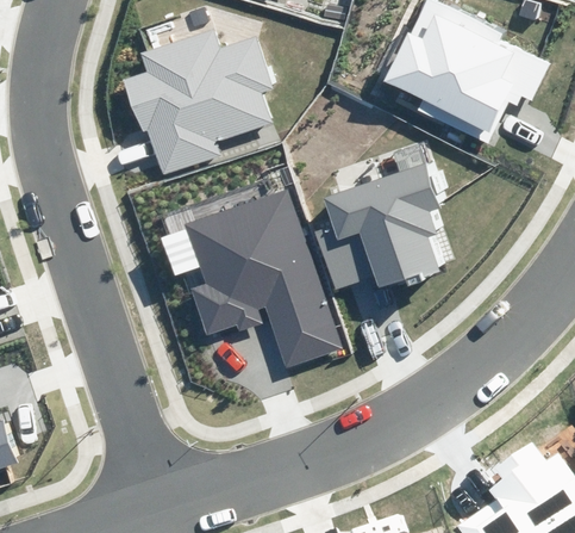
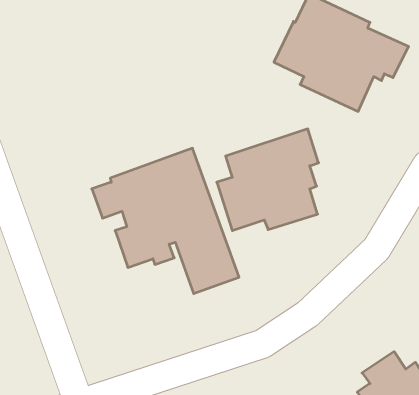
building: [121,25,274,173] -> none

